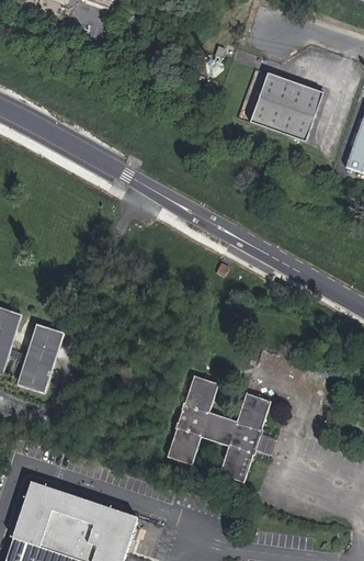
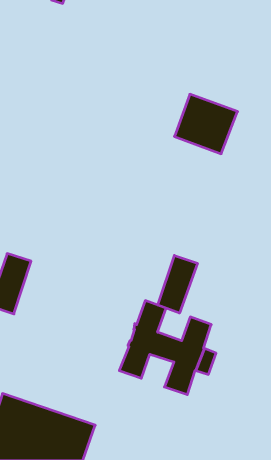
building: [251,74,323,142] -> [174,94,238,154]
building: none -> [158,255,197,313]

